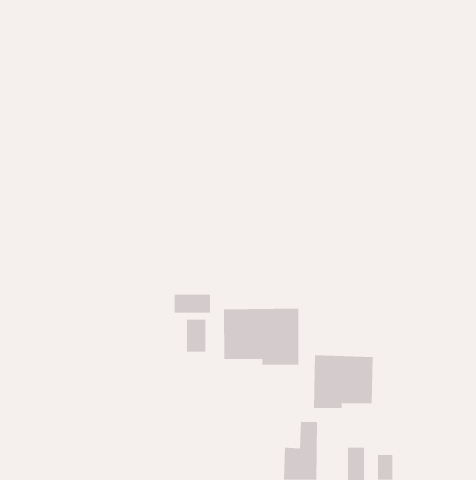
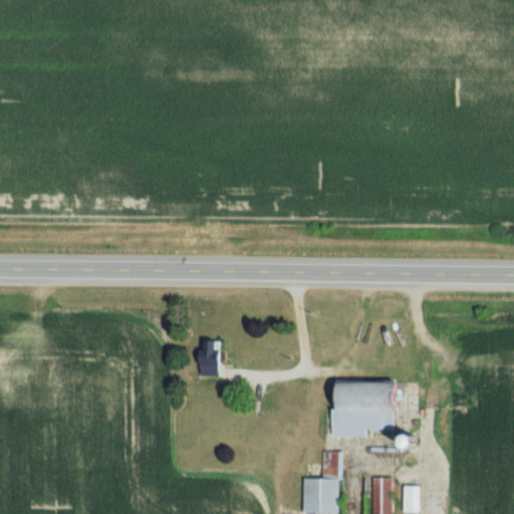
building: [174,294,210,313] -> none
building: [224,308,299,366] -> none

